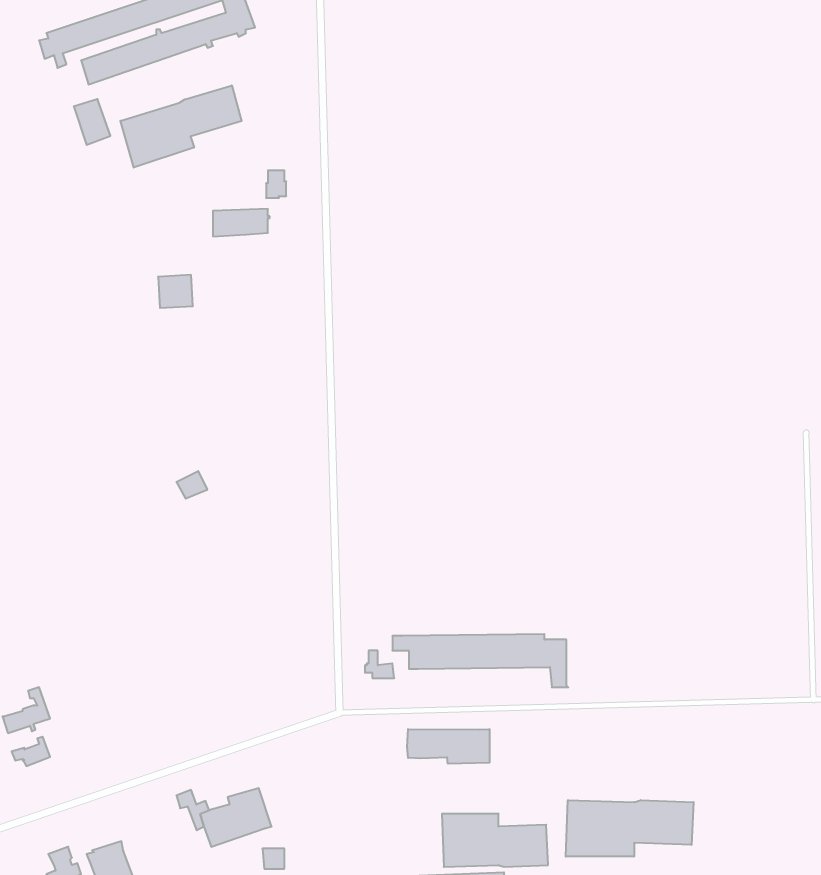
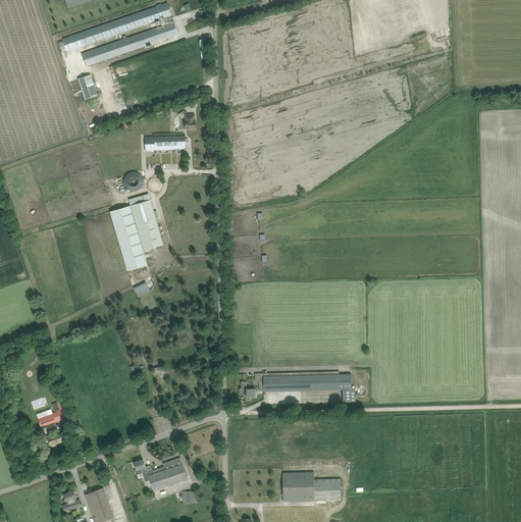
building: [120,85,242,168] -> none
building: none -> [110,194,163,271]
building: [407,729,489,764] -> none
building: [566,800,694,857] -> none

